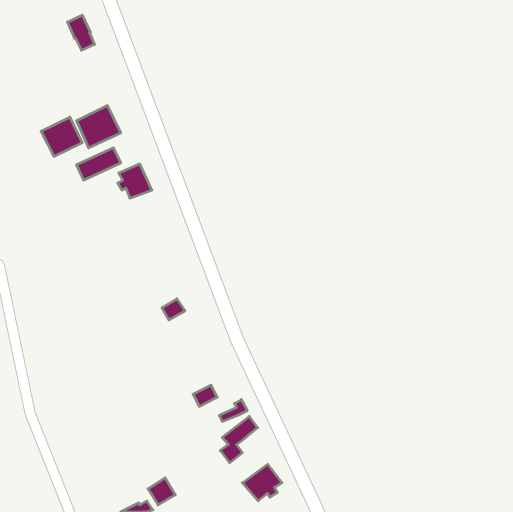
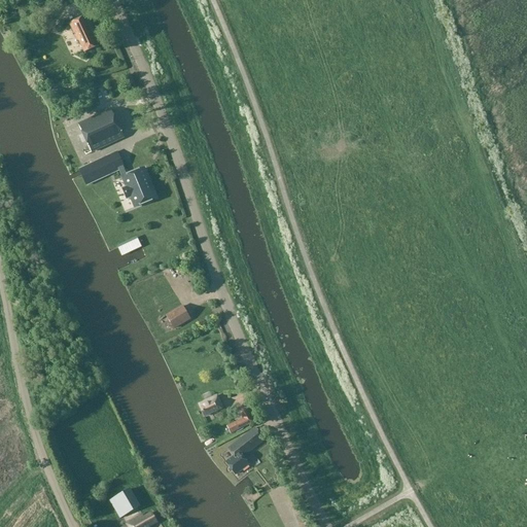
building: [41,117,82,156] -> none
building: [242,464,282,501] -> none
building: [148,478,175,505] -> [109,489,137,517]

